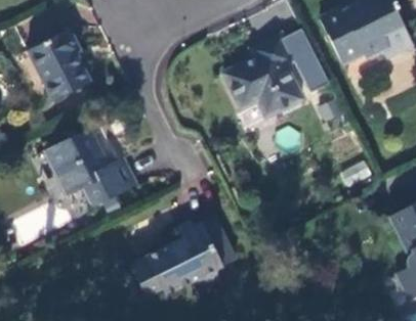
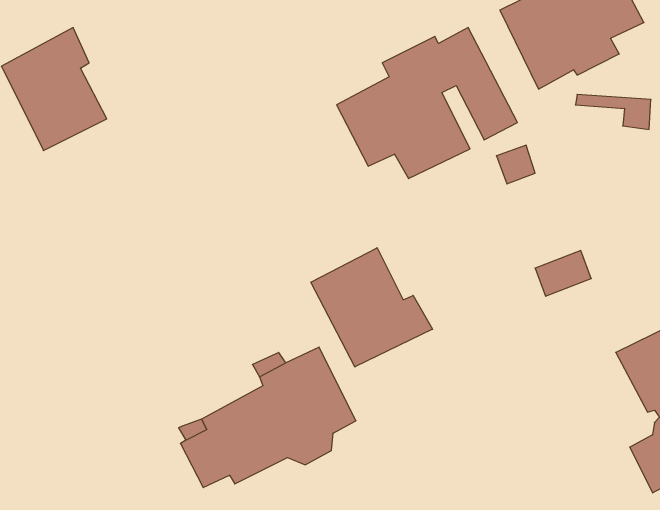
building: [47,128,136,205] -> none
building: none -> [311,248,433,367]

